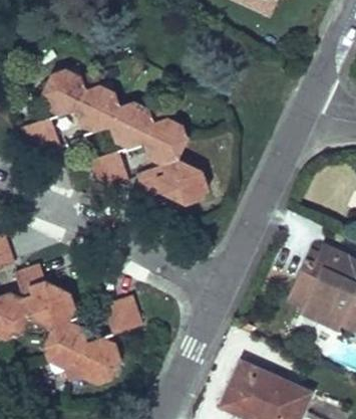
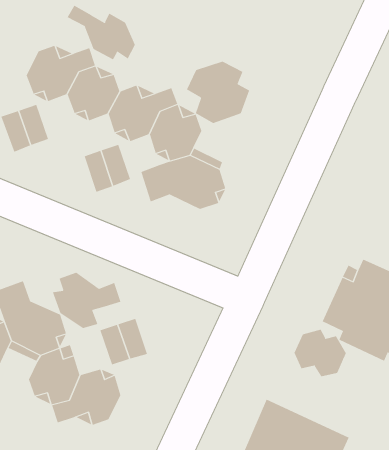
building: none -> [67,5,136,60]
building: none -> [186,61,250,124]
building: none -> [52,272,121,329]
building: none -> [294,329,346,377]

